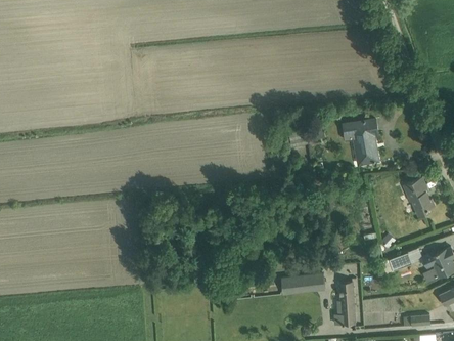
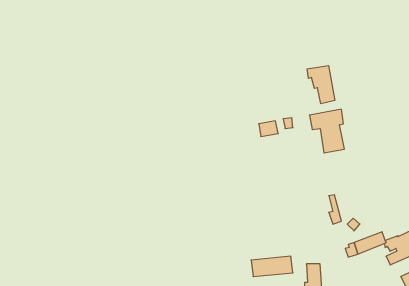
building: none -> [307,66,335,104]
building: [402,177,435,217] -> none

